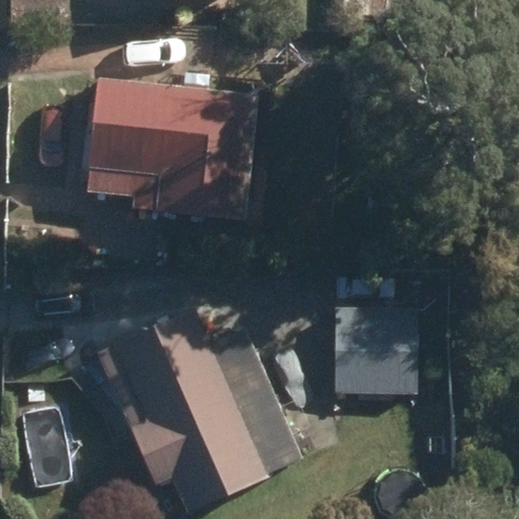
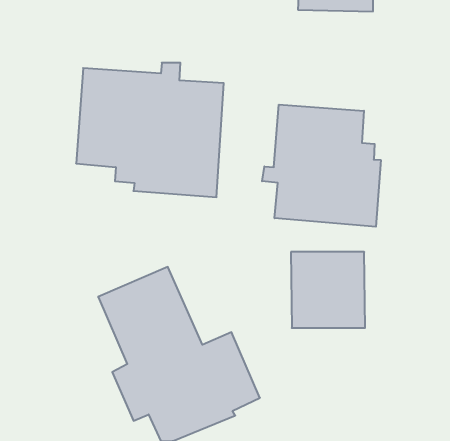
building: none -> [262,105,381,227]

